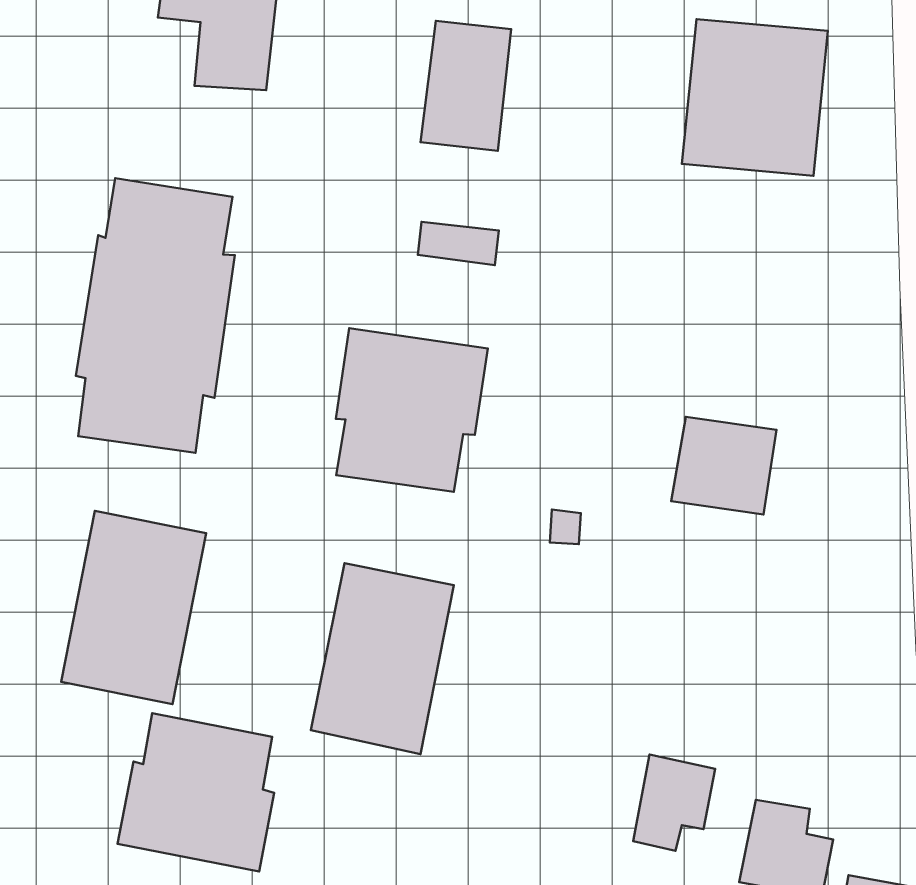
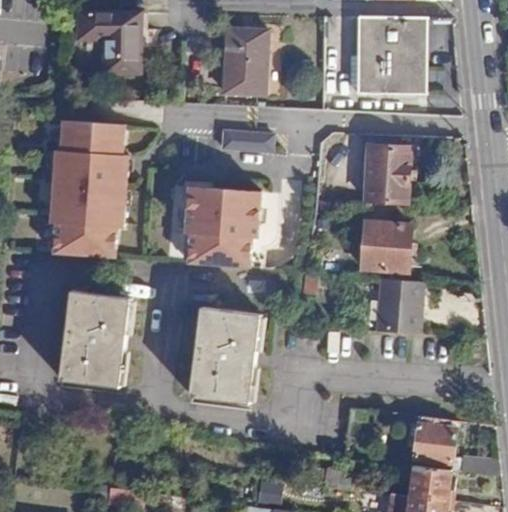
building: none -> [368,148,412,203]
building: none -> [378,281,427,339]
building: [117,713,274,872] -> none
building: [633,754,715,851] -> none

